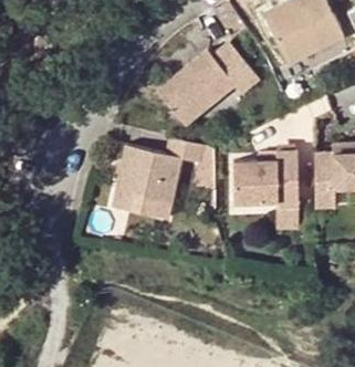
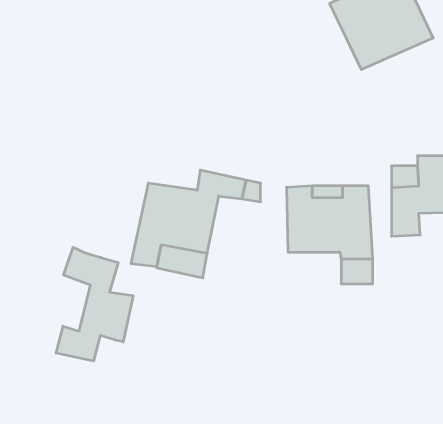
building: [156,45,260,128] -> none
building: none -> [56,247,133,361]

